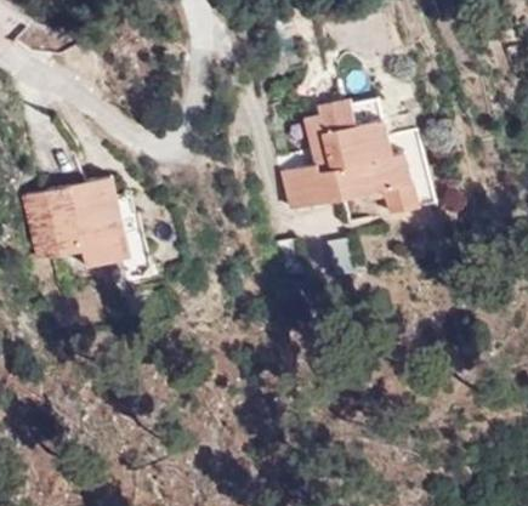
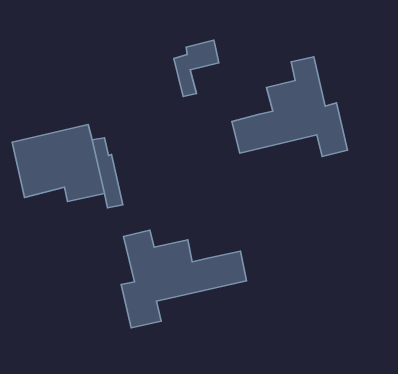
building: [302,97,356,164] -> [174,40,219,97]
building: none -> [121,230,246,328]

